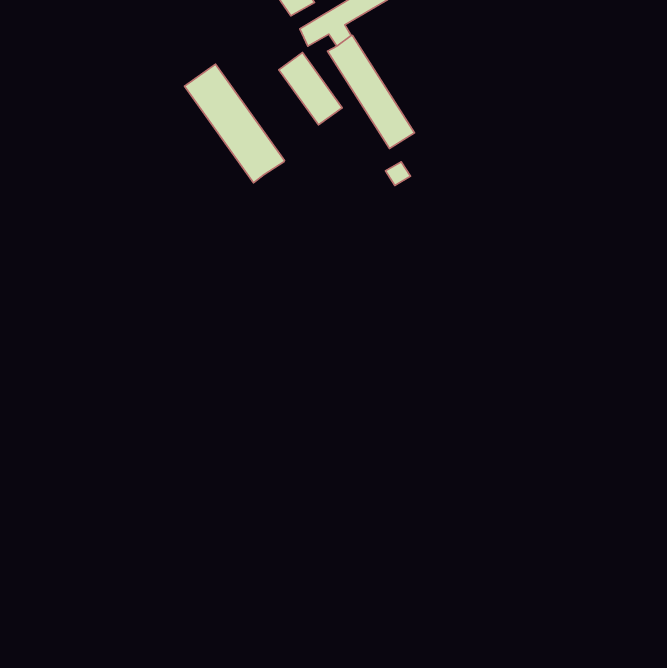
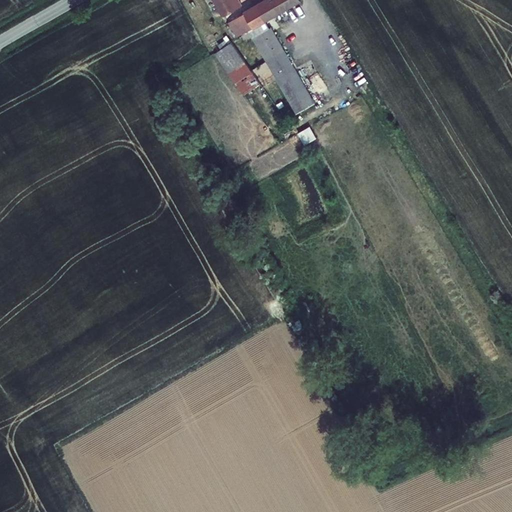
building: [184,64,285,183] -> none

